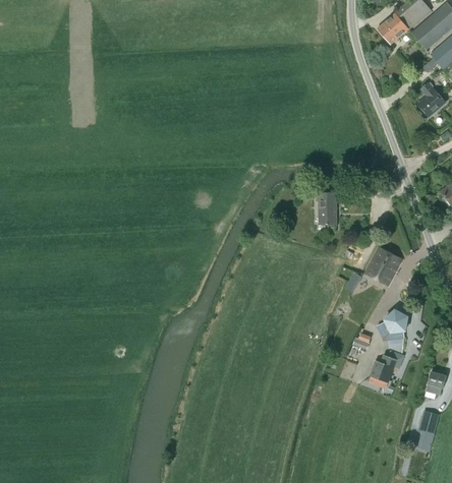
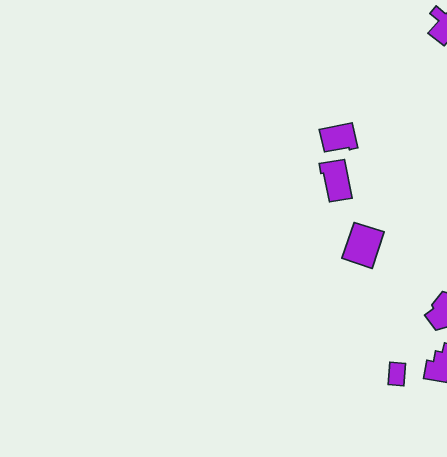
building: none -> [319,123,358,152]
building: [363,247,400,286] -> [342,223,384,269]

